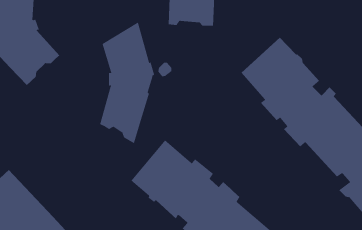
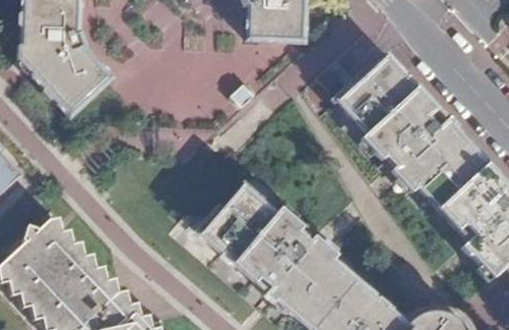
building: [99,21,155,144] -> none

